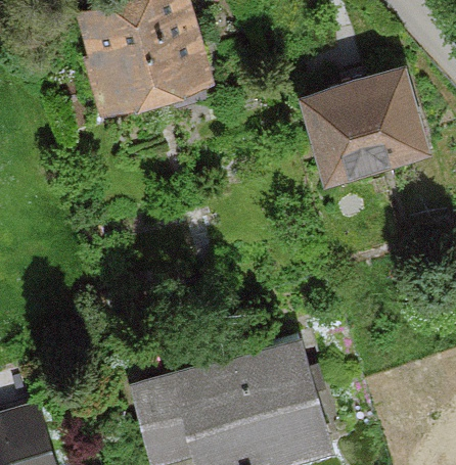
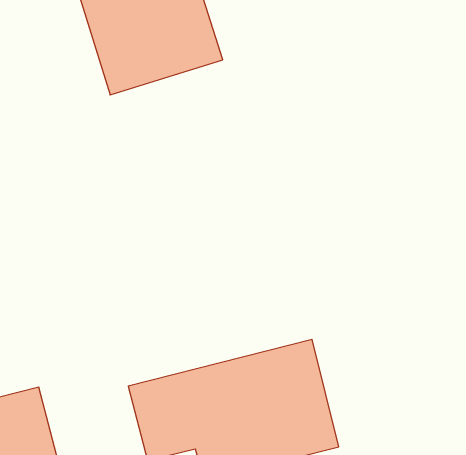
building: [302,72,432,185] -> none

